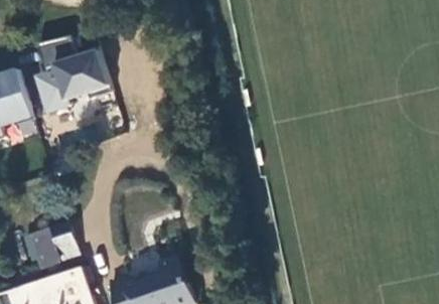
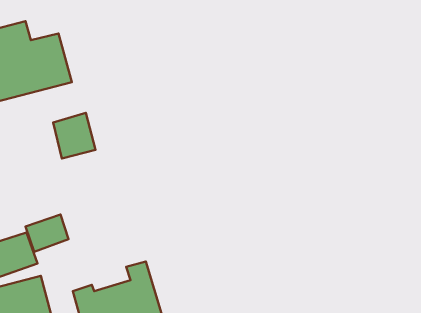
building: none -> [53,113,95,159]
building: none -> [26,215,68,252]

